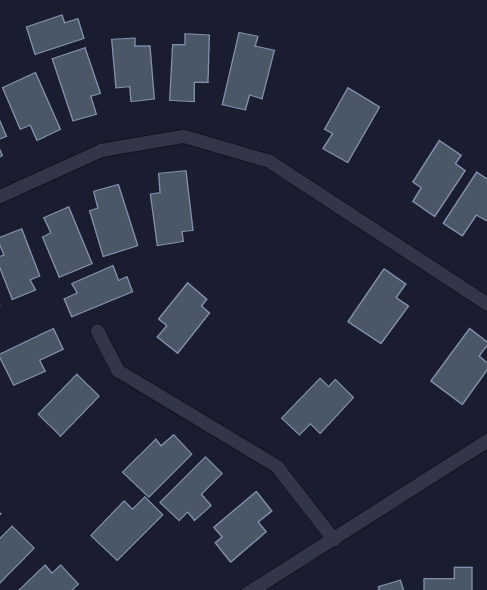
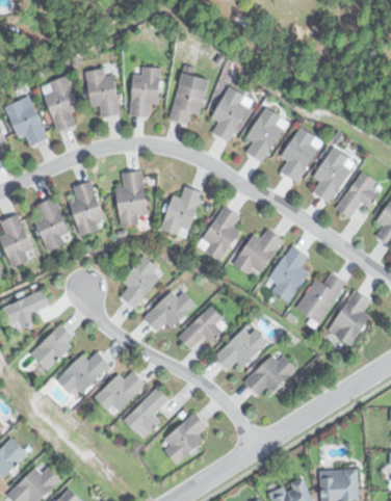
building: [26,15,84,55] -> none
building: none -> [212,86,253,142]
building: none -> [279,127,319,182]
building: none -> [161,184,203,236]
building: none -> [198,204,240,260]
building: none -> [233,228,283,278]
building: [64,265,133,317] -> none
building: none -> [295,271,346,322]
building: none -> [145,289,197,329]
building: none -> [179,304,224,347]
building: none -> [243,353,296,394]
building: [91,497,163,560] -> [57,349,111,397]

